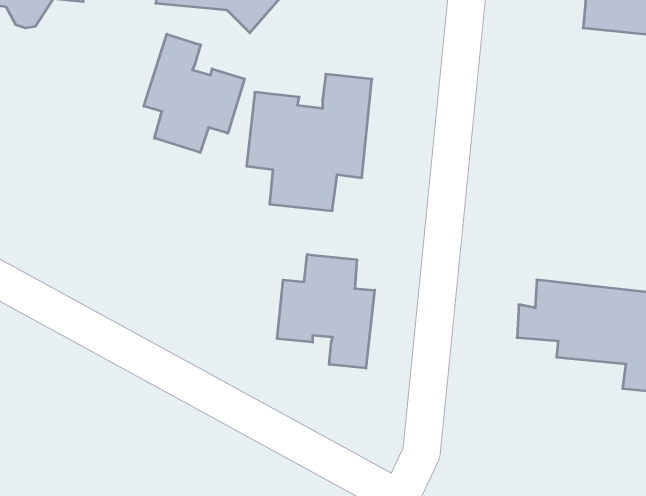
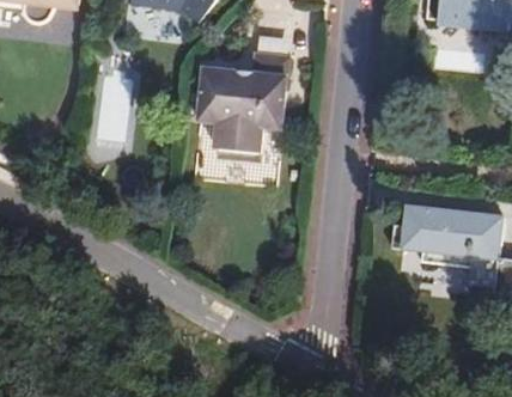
building: [144,34,245,153] -> none
building: [277,254,375,368] -> none

